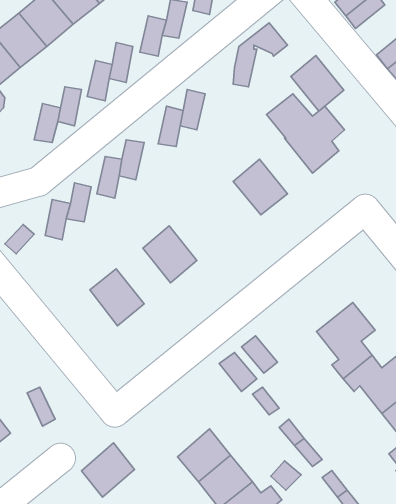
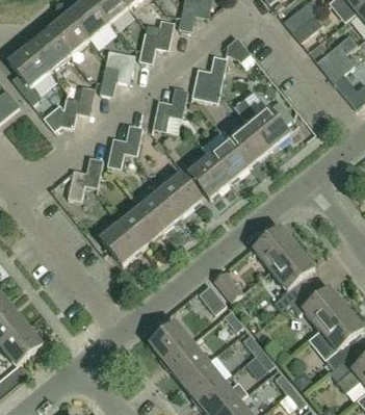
building: [291,56,344,111] -> [229,124,268,165]
building: none -> [192,68,220,101]
building: none -> [189,156,230,198]
building: none -> [161,173,202,215]
building: none -> [122,206,162,248]
building: none -> [255,227,298,268]
building: [81,443,134,497] -> [152,321,191,362]

